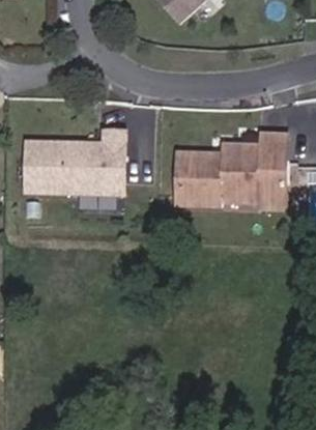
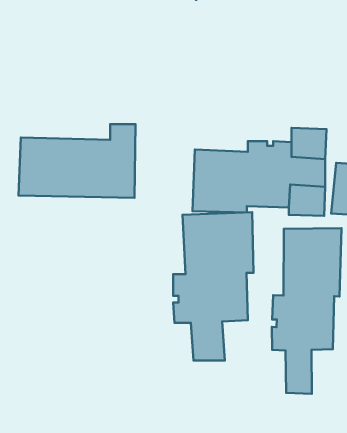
building: none -> [173,212,253,361]
building: none -> [272,228,341,394]

